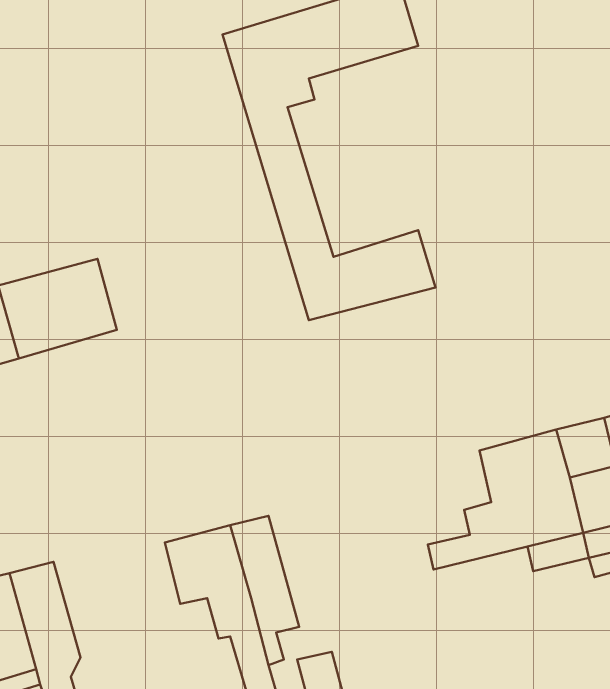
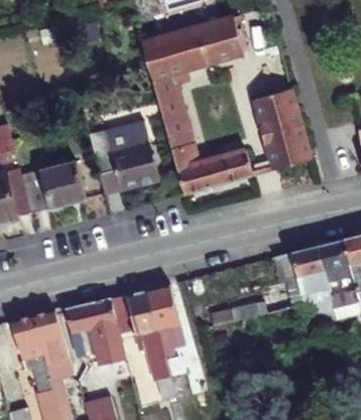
building: none -> [255,85,309,164]
building: none -> [91,119,159,189]
building: none -> [65,302,125,377]

